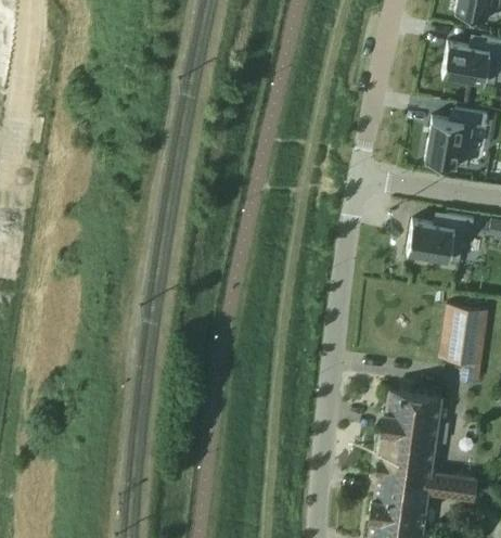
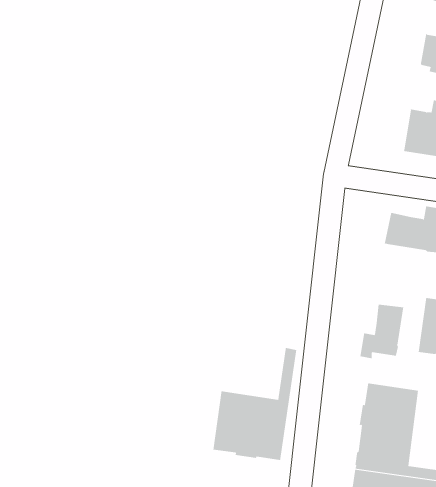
building: none -> [360,304,404,359]
building: none -> [213,347,297,461]

